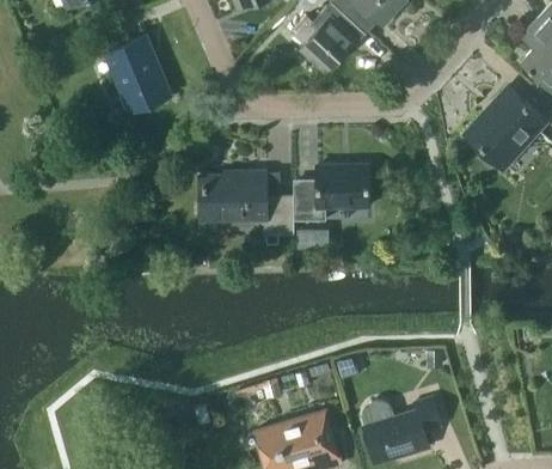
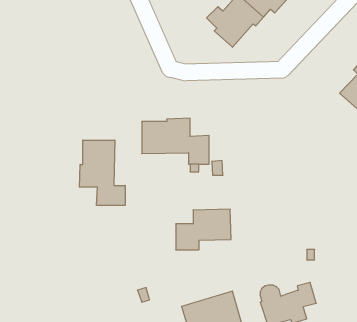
building: [88,19,168,112] -> none
building: [293,165,369,221] -> [176,209,231,250]
building: none -> [79,140,125,205]

